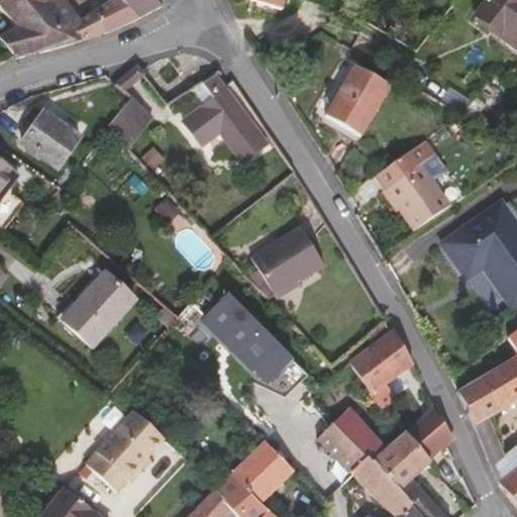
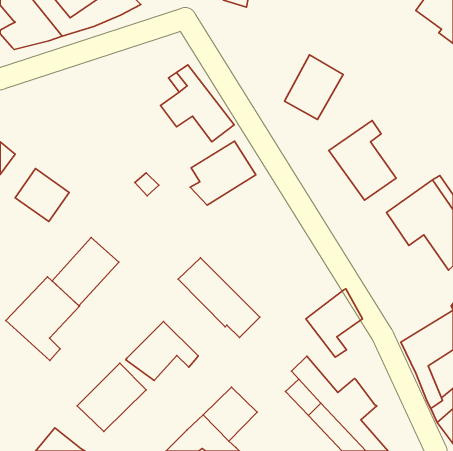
building: [107,98,151,148] -> none
building: [19,109,81,170] -> [15,168,69,222]
building: [248,226,323,299] -> [190,141,256,205]
building: none -> [6,277,80,361]
building: none -> [126,321,198,381]
building: [405,404,454,461] -> none

